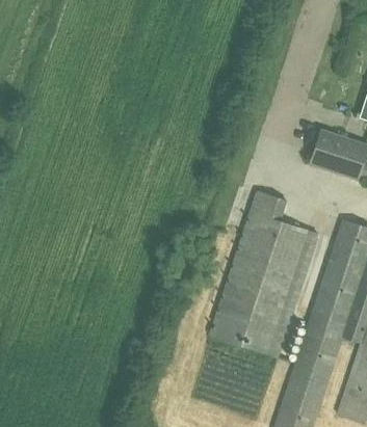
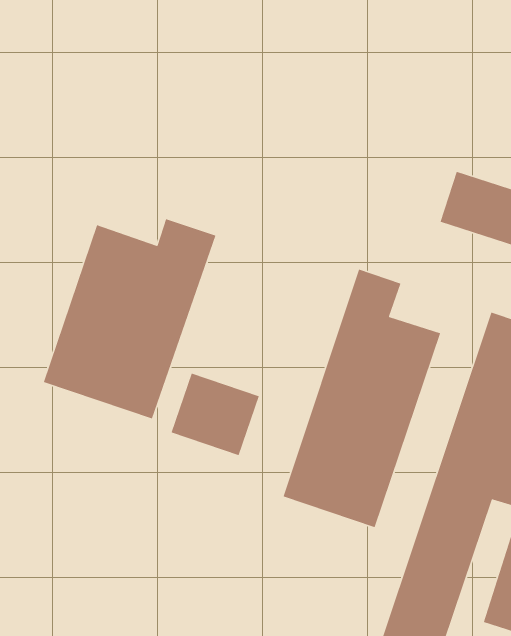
building: none -> [43,218,217,420]
building: none -> [171,372,260,456]

